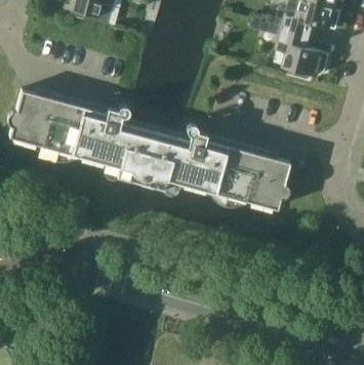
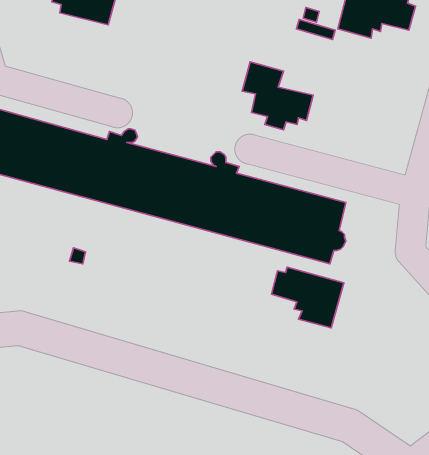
building: [278,30,332,82] -> [242,62,313,130]
building: none -> [271,267,344,328]

